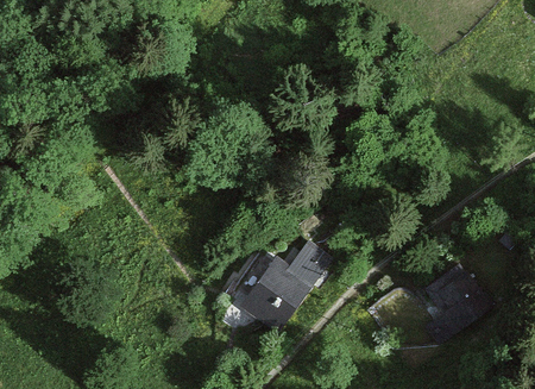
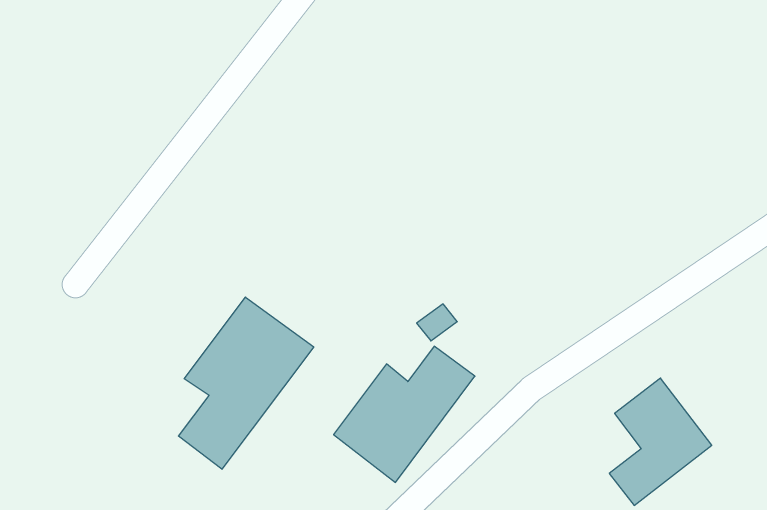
building: none -> [178,297,314,469]

